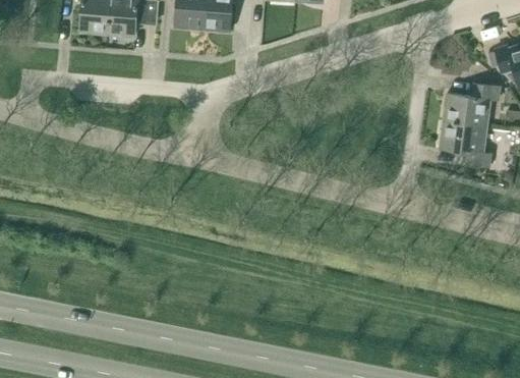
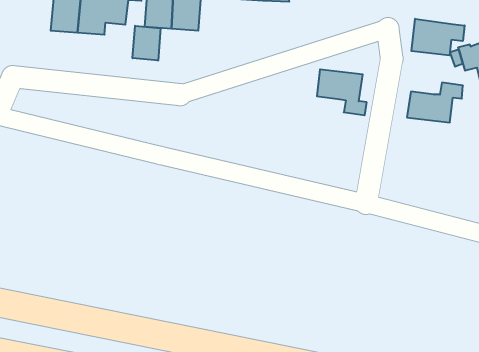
building: none -> [411,19,465,55]
building: none -> [133,26,160,61]
building: [440,120,490,167] -> [317,69,367,115]

